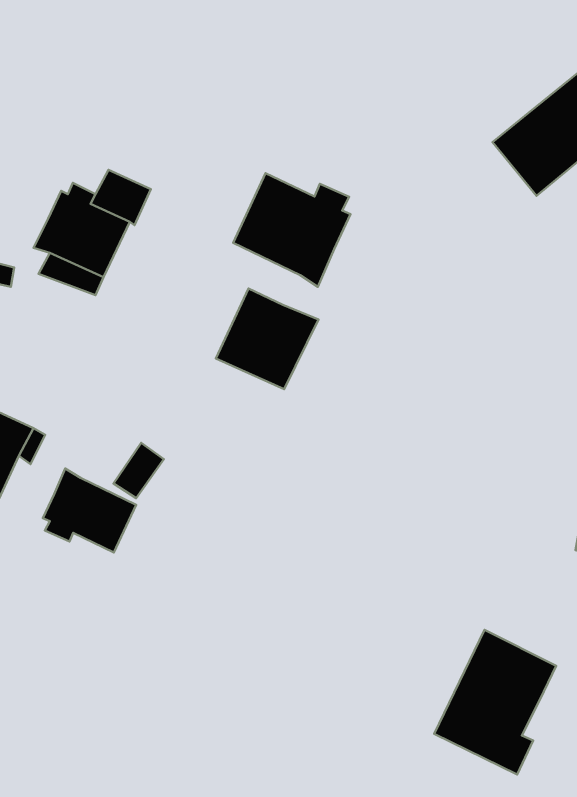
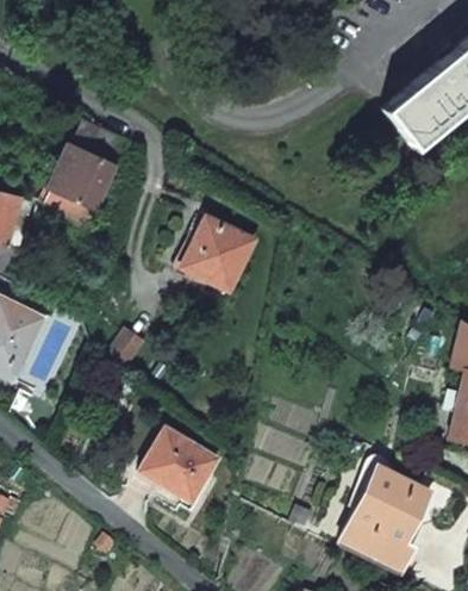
building: [233,173,351,287] -> none
building: [43,468,136,552] -> none
building: none -> [139,428,217,498]

